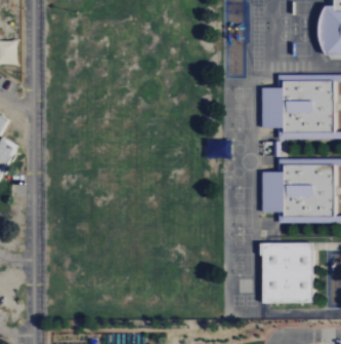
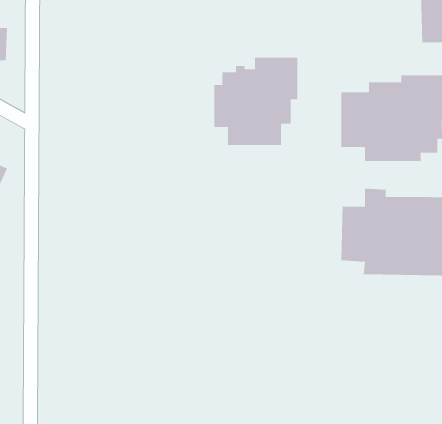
building: none -> [214,57,298,146]
building: [261,242,312,303] -> none

